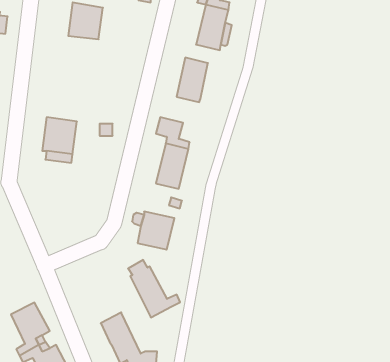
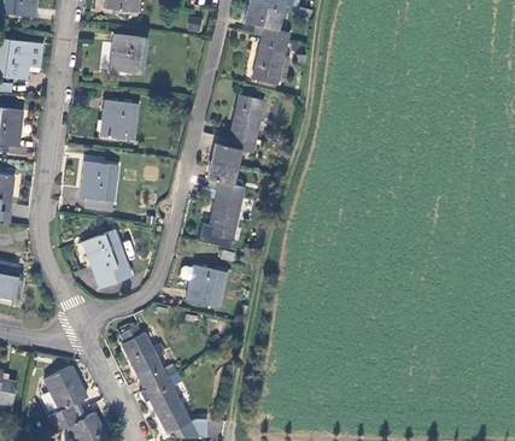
building: none -> [99,99,139,141]
building: none -> [211,137,254,166]
building: none -> [82,230,131,289]
building: [128,260,180,317] -> [119,325,177,389]

